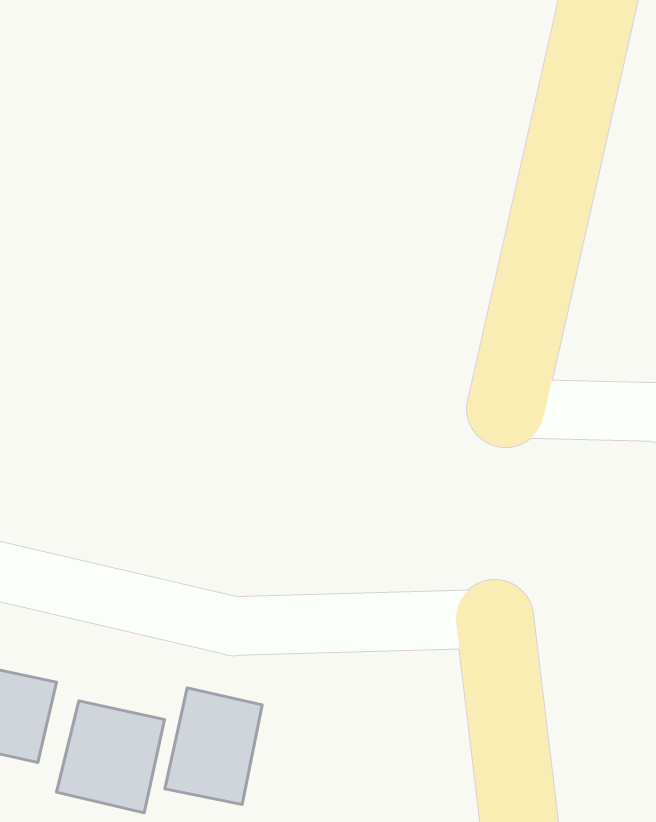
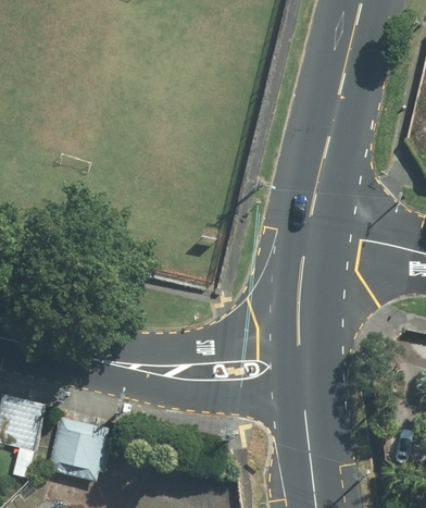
building: [165,688,262,804] -> none

